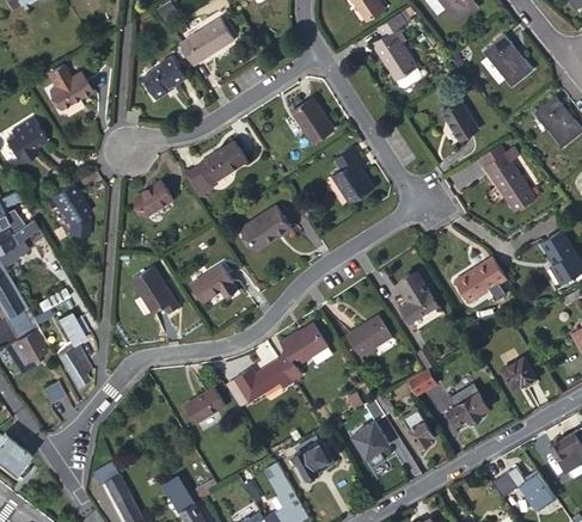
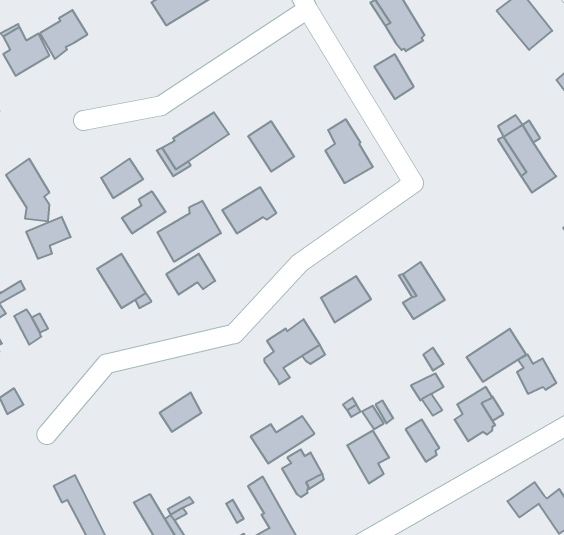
building: [143,56,185,99] -> [40,10,87,59]
building: [292,98,332,142] -> [248,121,294,172]
building: [442,100,477,140] -> [374,54,414,99]
building: none -> [122,191,166,234]
building: none -> [157,201,221,262]
building: none -> [26,217,71,259]
building: [454,256,507,302] -> [466,329,526,382]
building: [348,315,392,356] -> [321,276,371,322]
building: [59,344,91,385] -> none
building: [233,360,289,401] -> [251,416,314,464]

